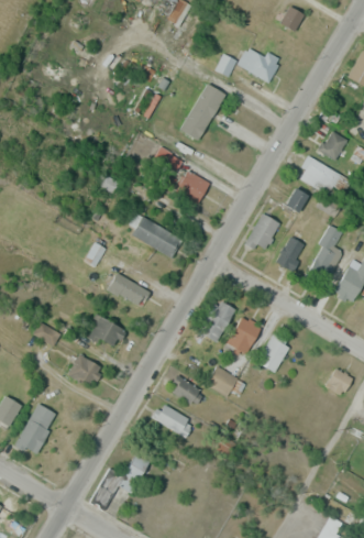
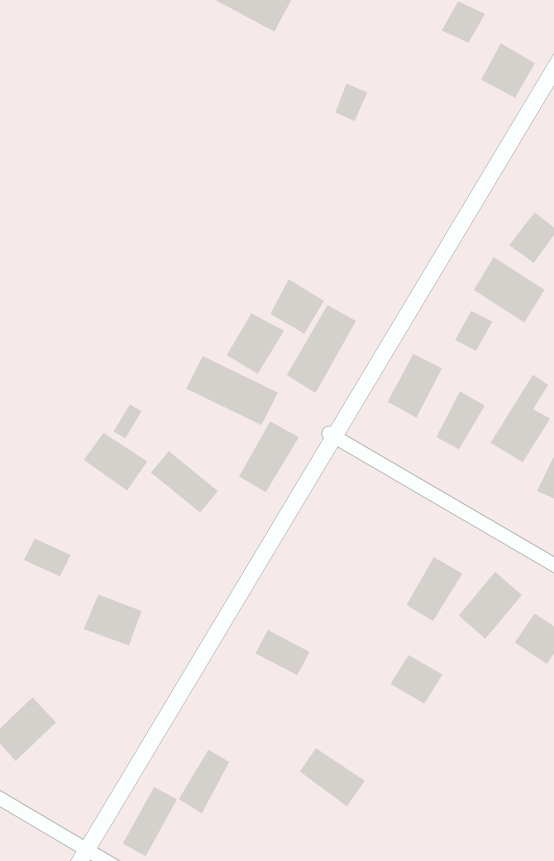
building: [247,48,280,81] -> [480,43,536,99]
building: [181,88,223,141] -> [286,304,357,394]
building: none -> [226,313,285,375]
building: [199,299,235,342] -> [238,420,300,493]
building: [87,315,125,350] -> [83,432,148,491]
building: [223,317,262,358] -> [458,571,523,640]
building: [206,366,238,396] -> [390,654,444,704]
building: [154,403,194,438] -> [299,747,366,807]

